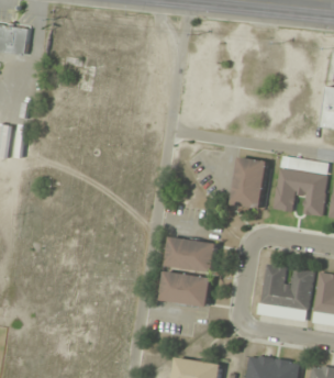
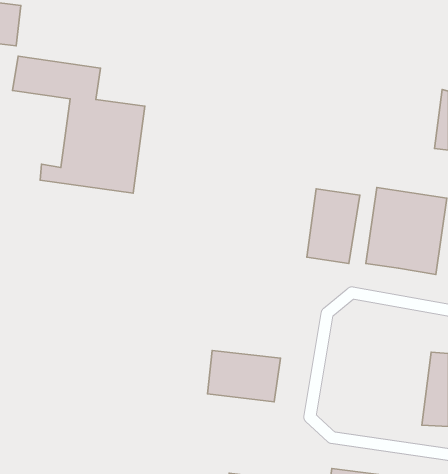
building: none -> [12,56,145,193]
building: [166,236,219,275] -> none
building: [258,264,314,322] -> none

